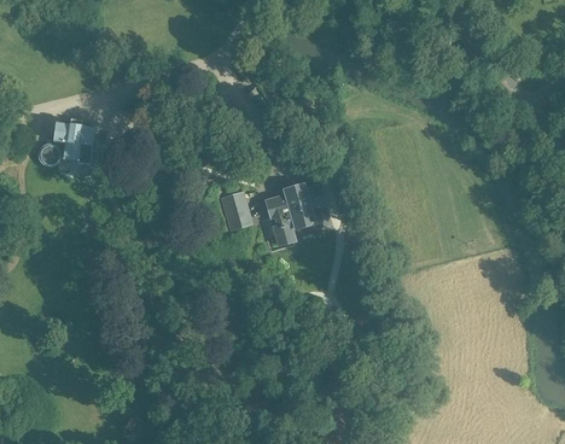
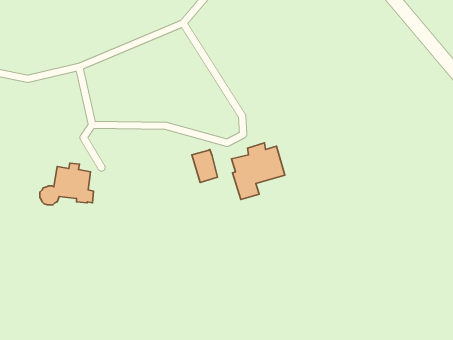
building: [36,118,97,165] -> [40,163,94,205]

